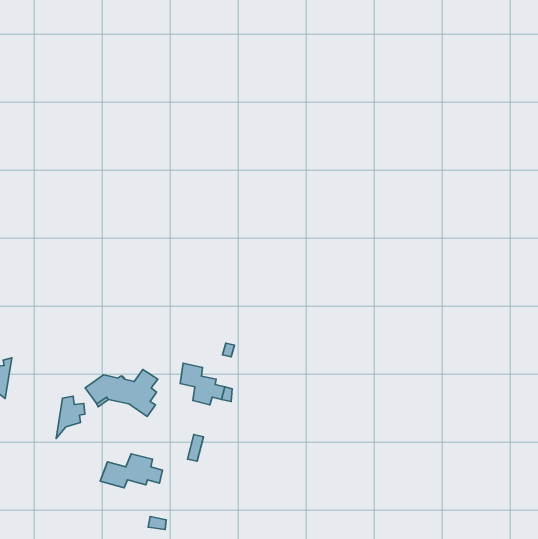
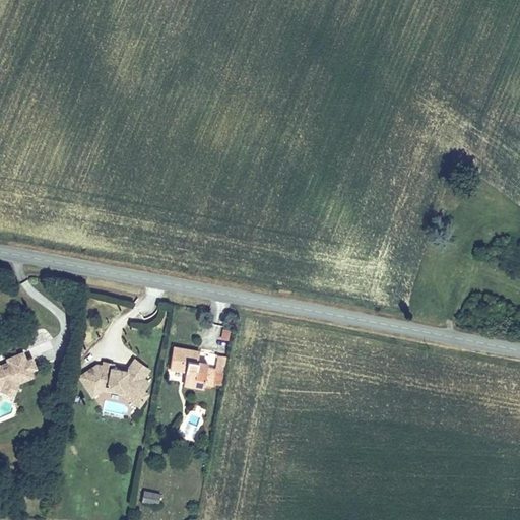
building: [56,396,85,439] -> [5,344,32,385]
building: [100,454,163,488] -> none

